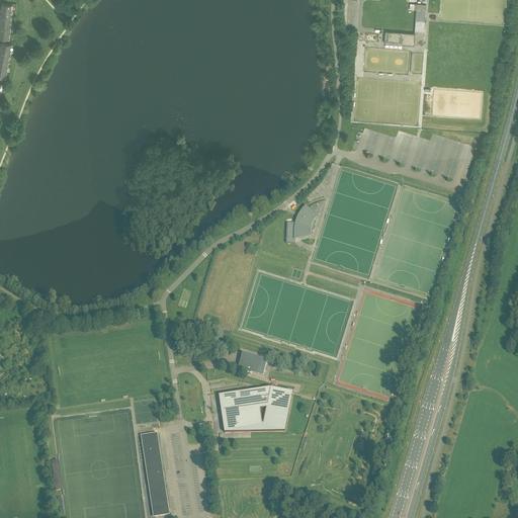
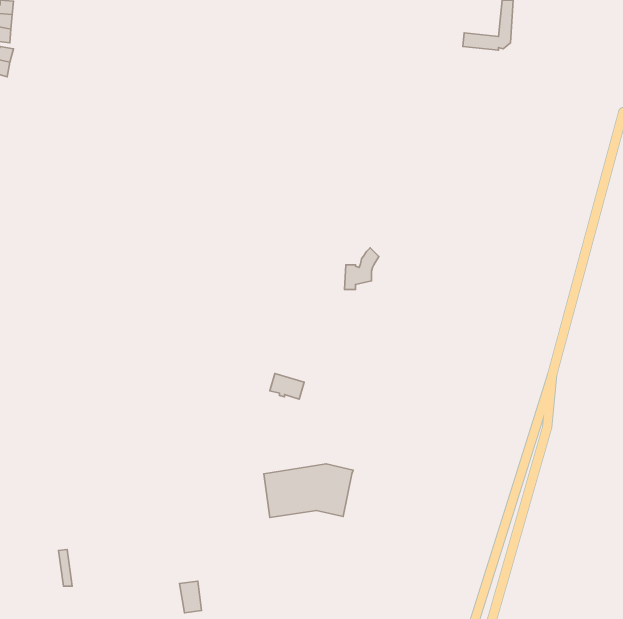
building: [238,351,266,372] -> [270,374,304,399]
building: [142,435,163,480] -> none

